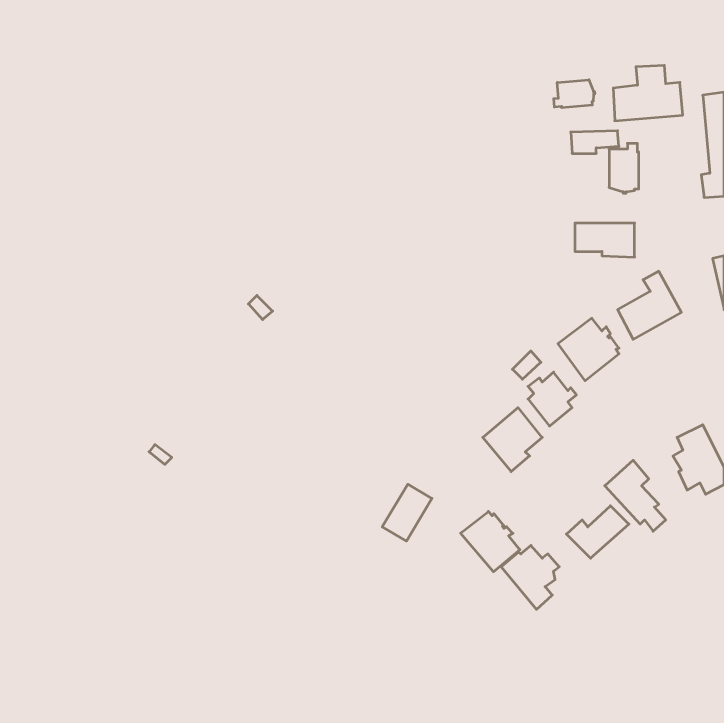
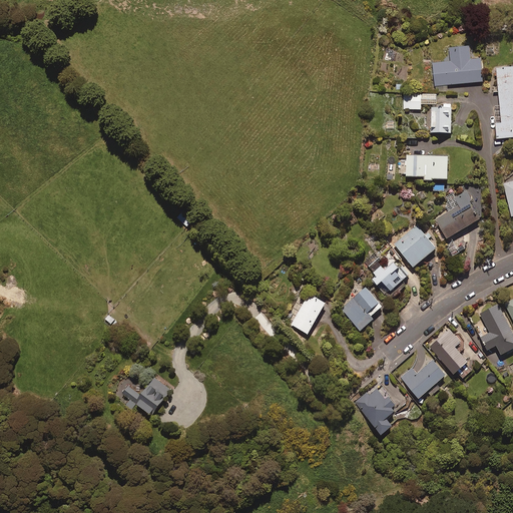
building: [554,80,595,108] -> none
building: [382,484,432,541] -> [291,295,326,335]
building: [461,511,520,572] -> none
building: none -> [123,377,172,416]

